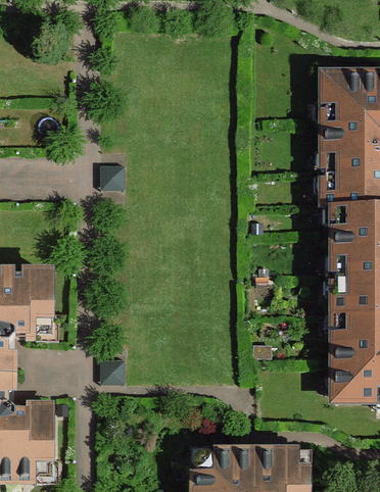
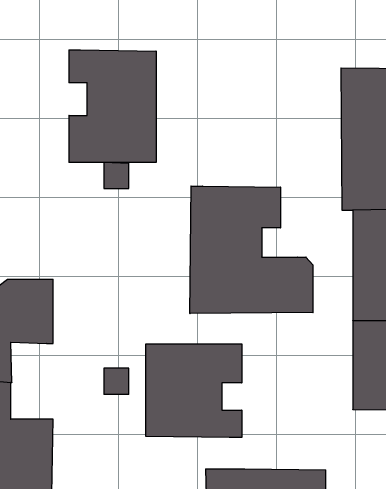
building: none -> [69,50,156,162]
building: none -> [190,186,313,314]
building: none -> [146,344,242,437]

